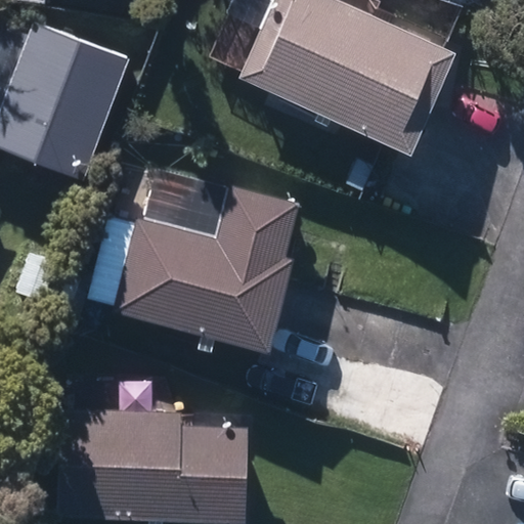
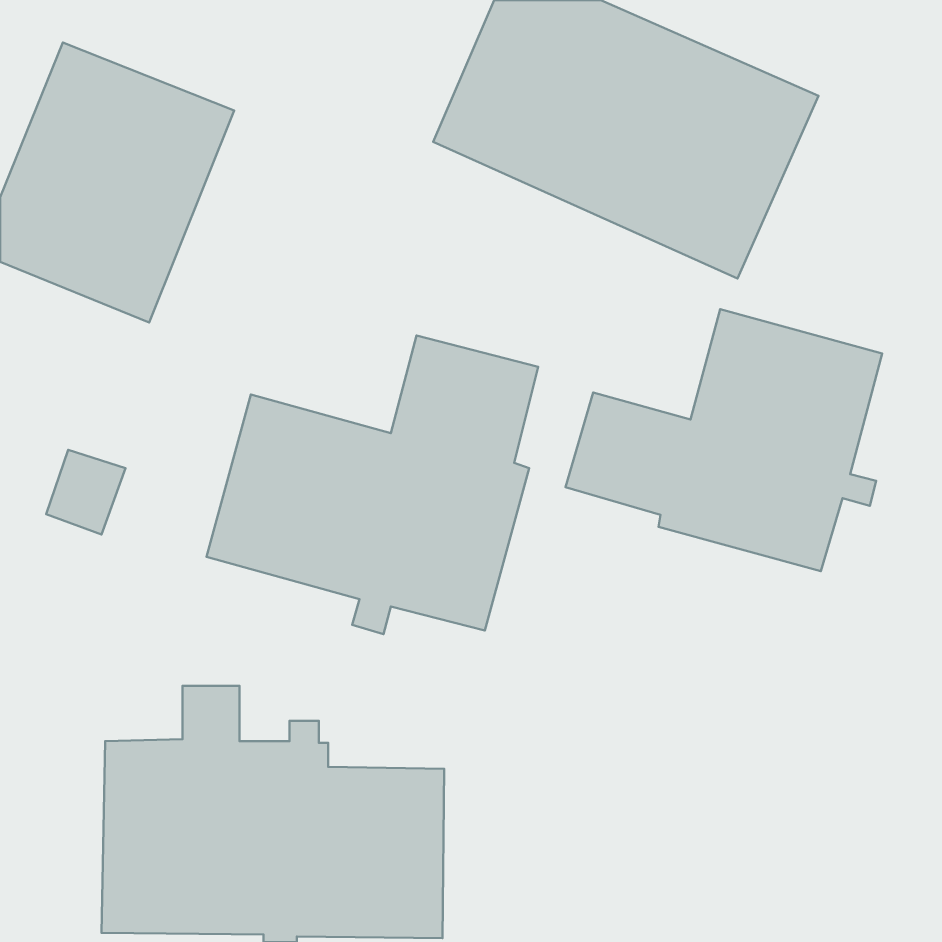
building: none -> [565,309,882,571]

